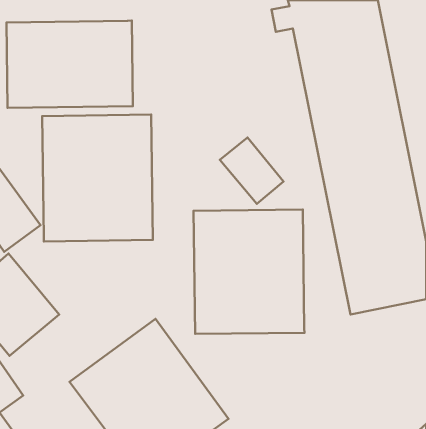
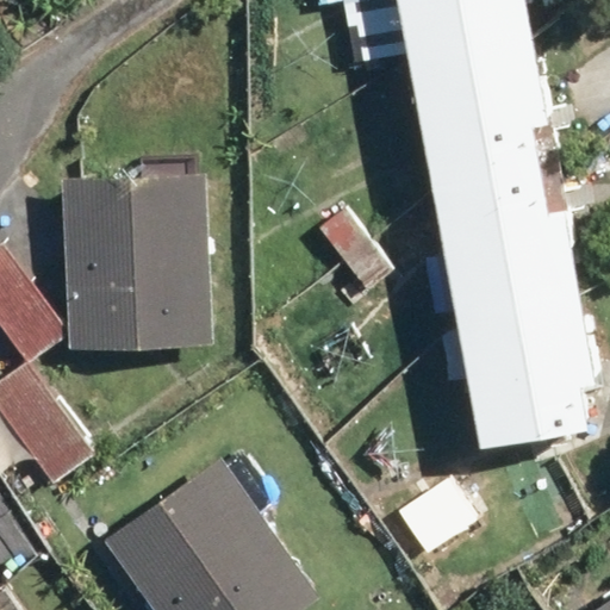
building: [6,21,133,108] -> none
building: [194,210,304,334] -> none

